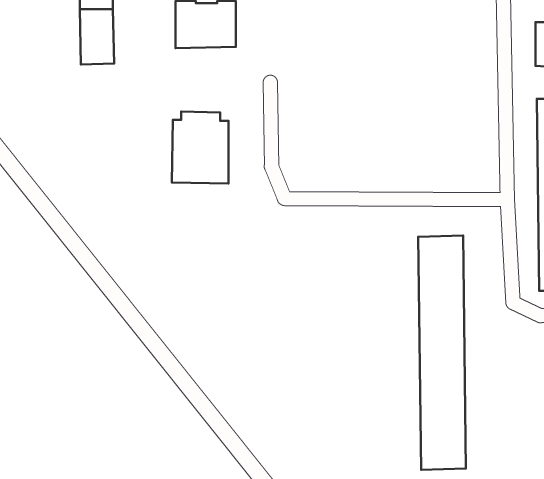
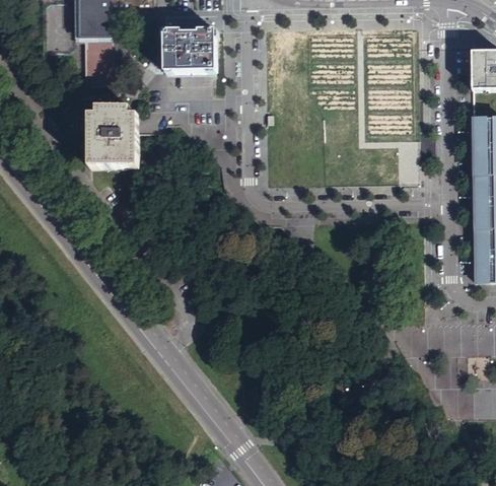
building: [172,111,229,184] -> [86,103,135,165]
building: [418,236,466,470] -> none

